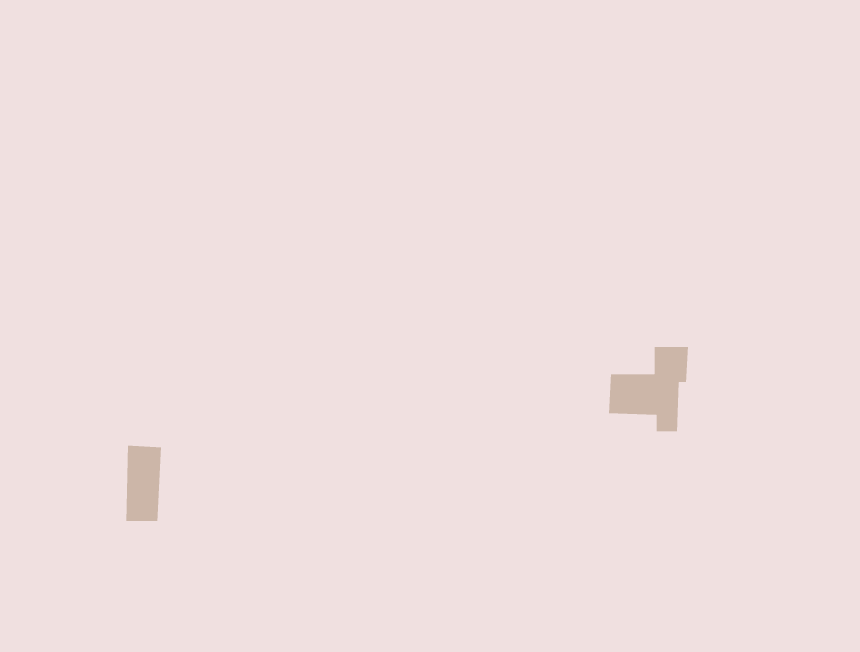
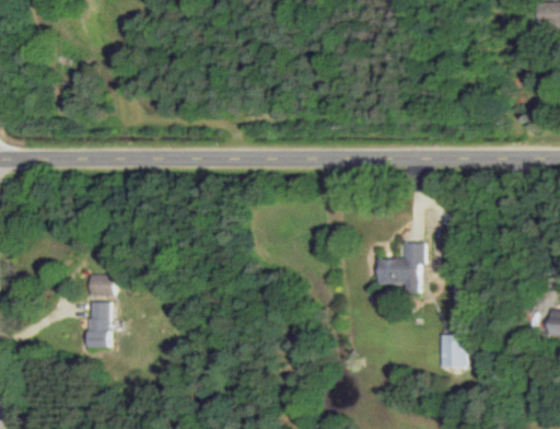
building: none -> [90,275,113,295]
building: none -> [441,335,467,368]

